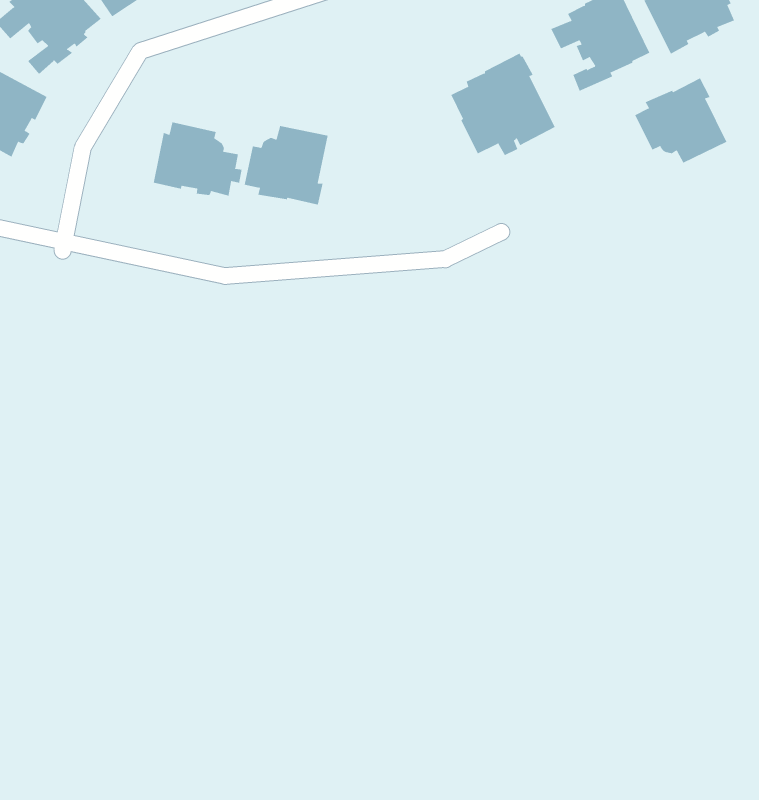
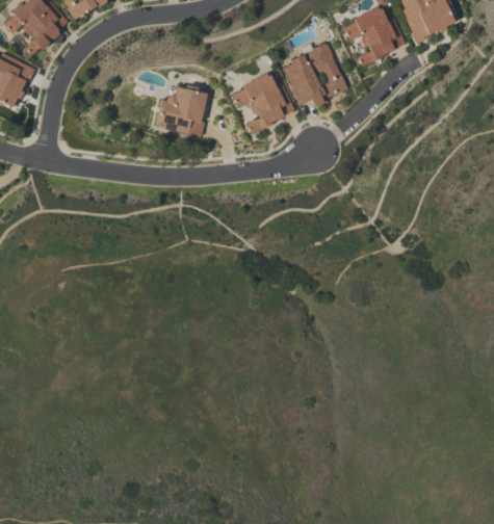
building: [635,78,727,164] -> none
building: none -> [232,73,294,134]
building: [153,122,242,196] -> none

